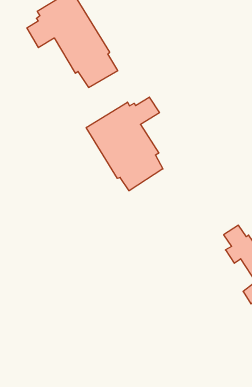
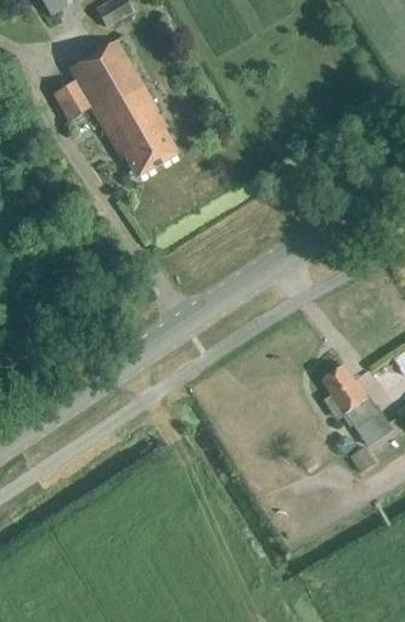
building: [86,97,163,191] -> none

